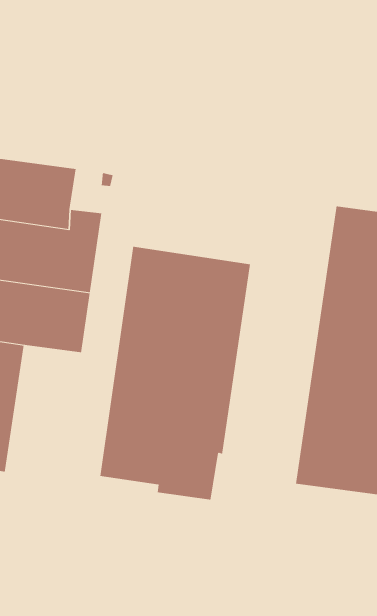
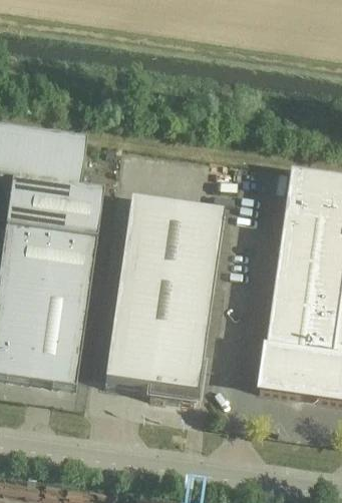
building: none -> [30,277,90,384]

